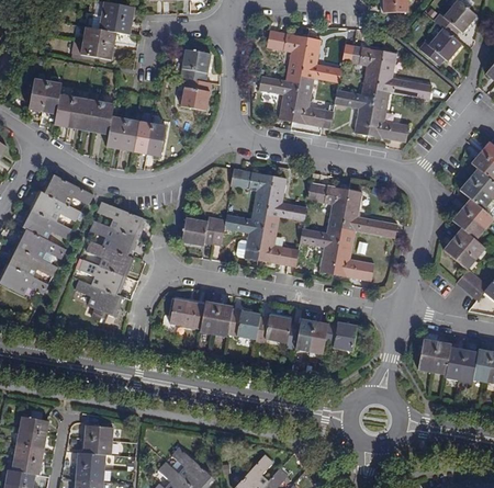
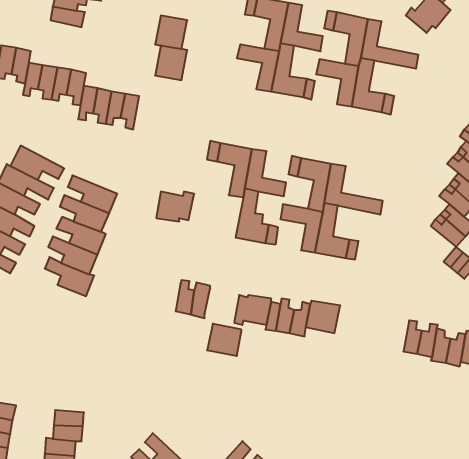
building: [212,214,265,260] -> none
building: [169,298,204,329] -> none
building: [227,308,260,339] -> [207,324,241,356]

